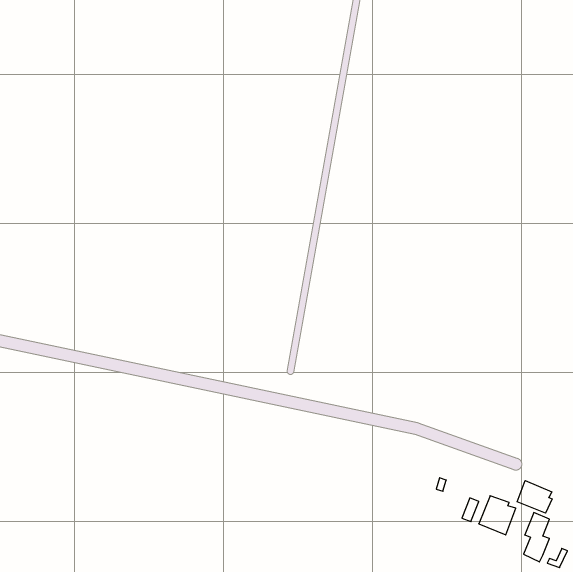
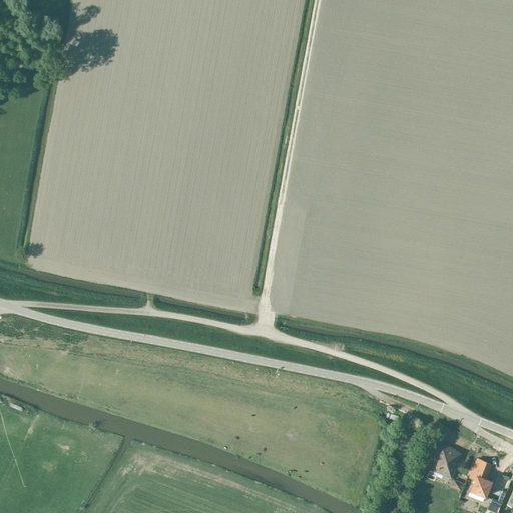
building: [517,481,552,513] -> none

